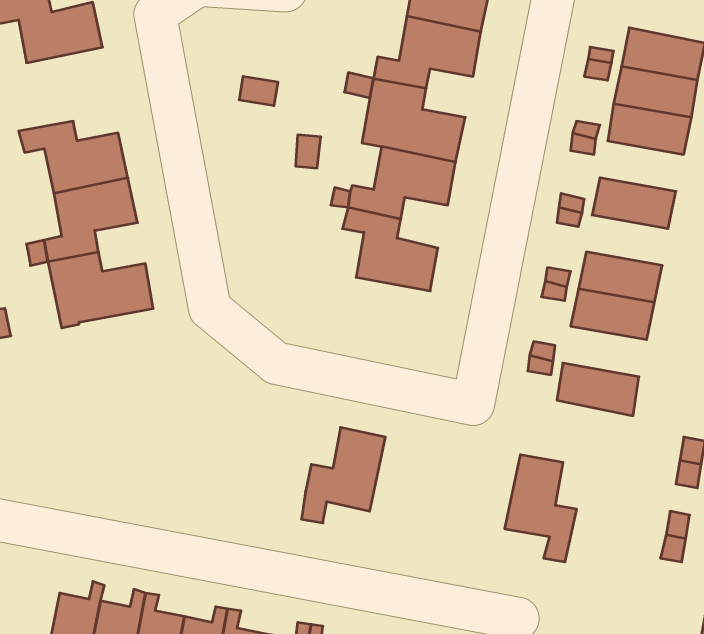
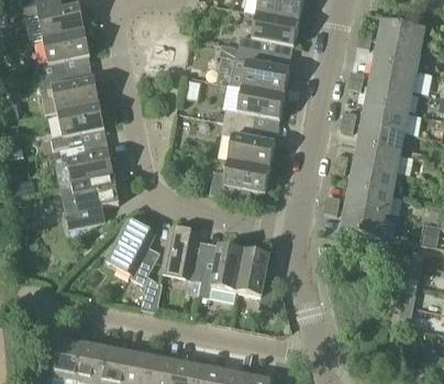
building: none -> [35,29,89,76]
building: none -> [365,81,412,110]
building: none -> [357,123,403,152]
building: none -> [209,158,269,198]
building: none -> [65,176,119,227]
building: none -> [344,186,391,215]
building: none -> [106,218,163,310]
building: none -> [160,227,202,279]
building: [505,455,577,562] -> [235,249,276,309]

